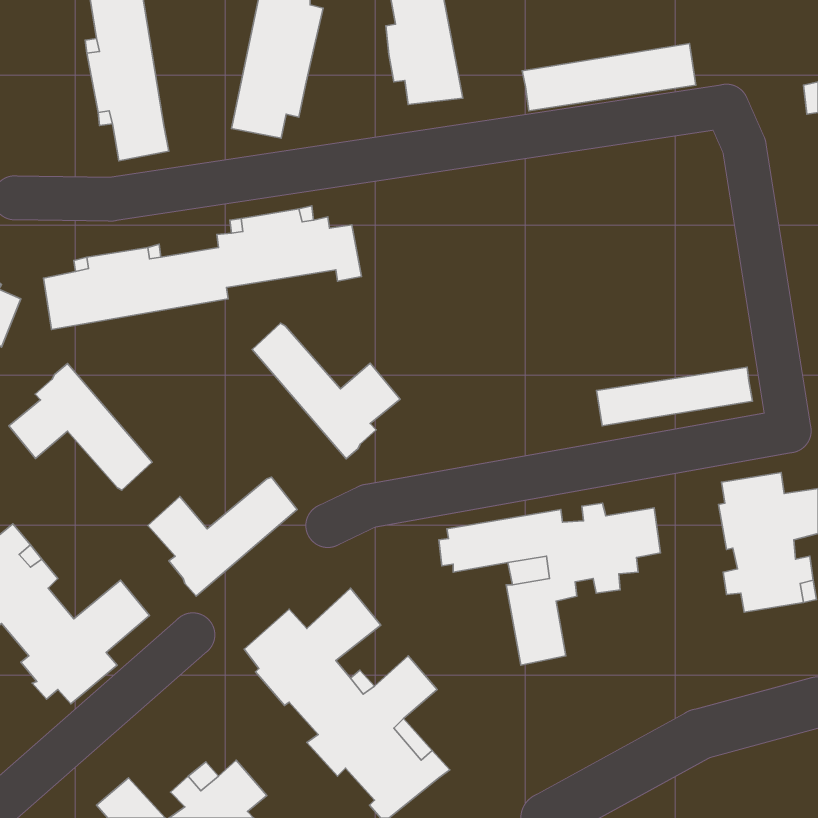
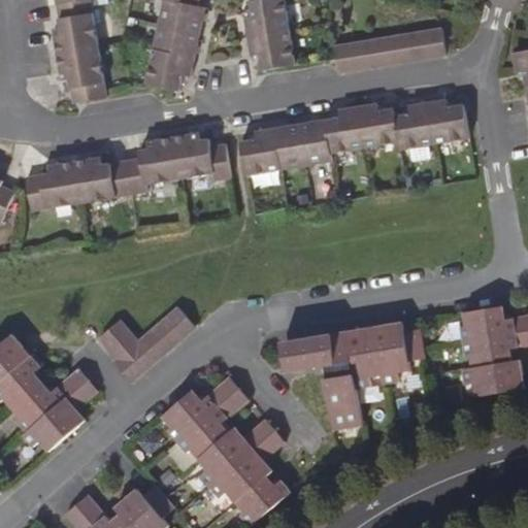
building: none -> [241,100,470,175]
building: [252,323,400,459] -> none
building: [9,364,152,490] -> none
building: [597,367,753,426] -> none

